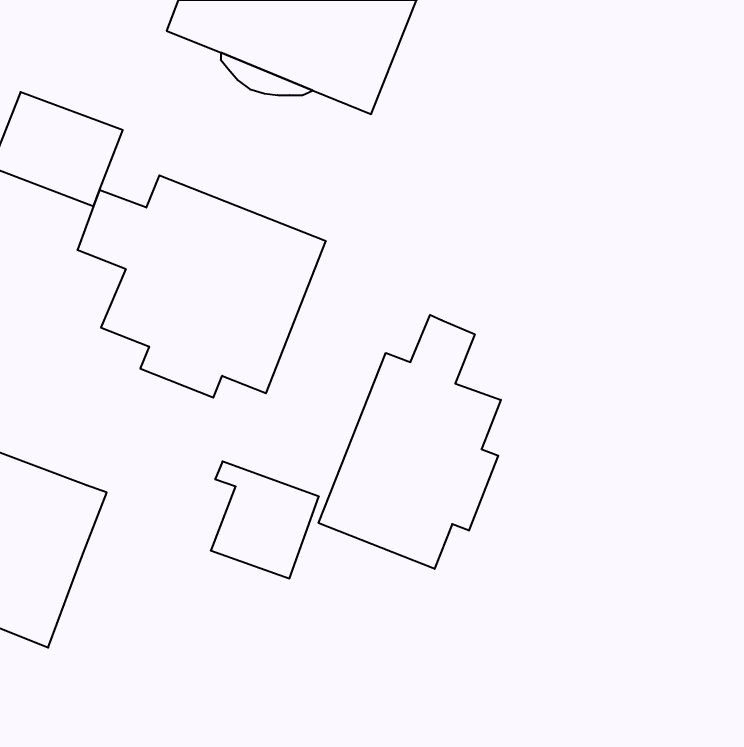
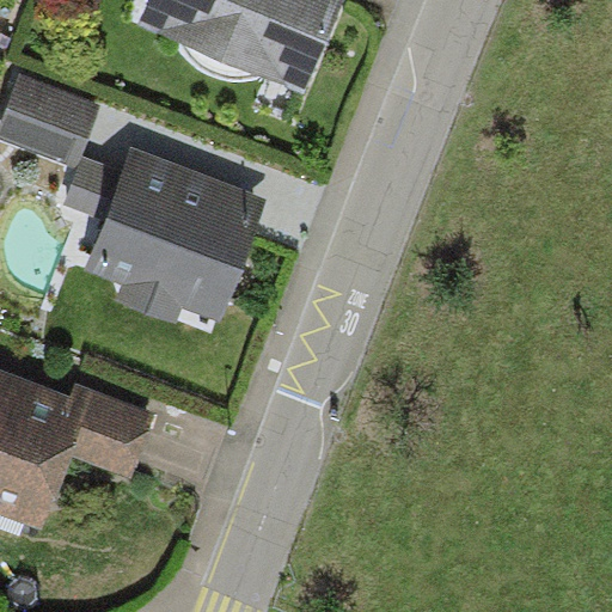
building: [319,315,501,569] -> none
building: [211,461,319,578] -> [67,382,155,478]

